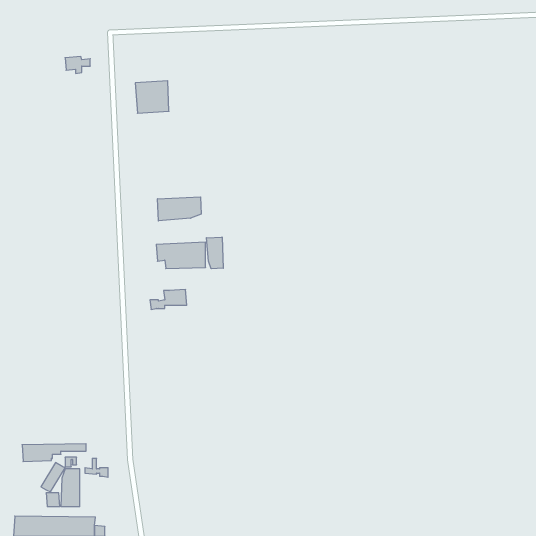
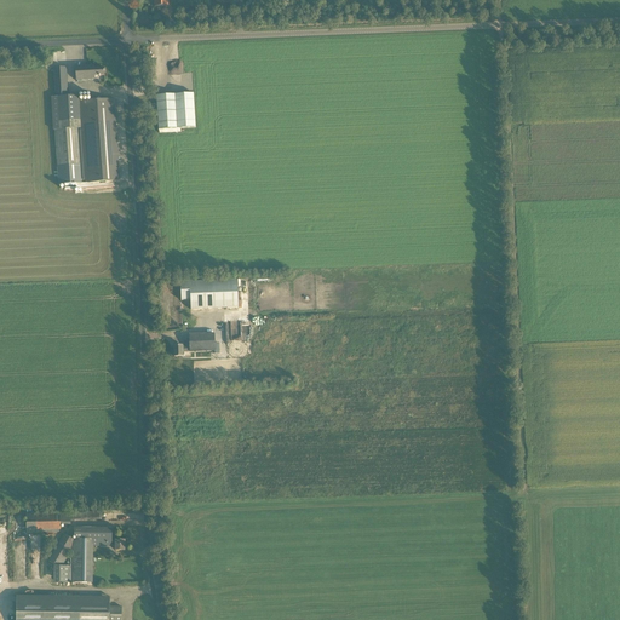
building: none -> [48,68,120,184]
building: [158,197,201,221] -> none
building: [206,237,223,269] -> none

